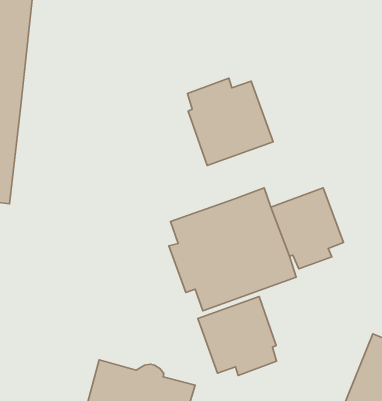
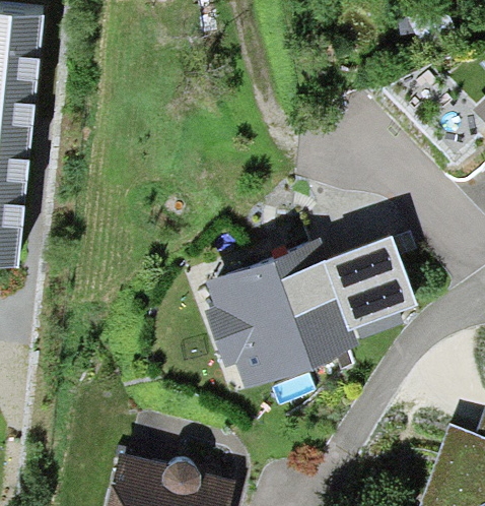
building: [188,78,273,166] -> none
building: [198,296,277,376] -> none

